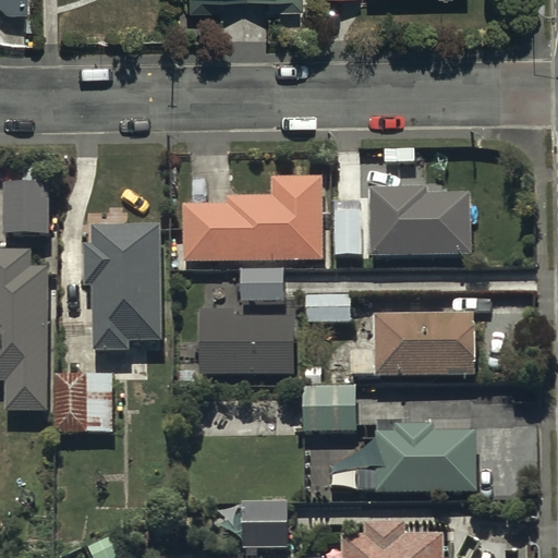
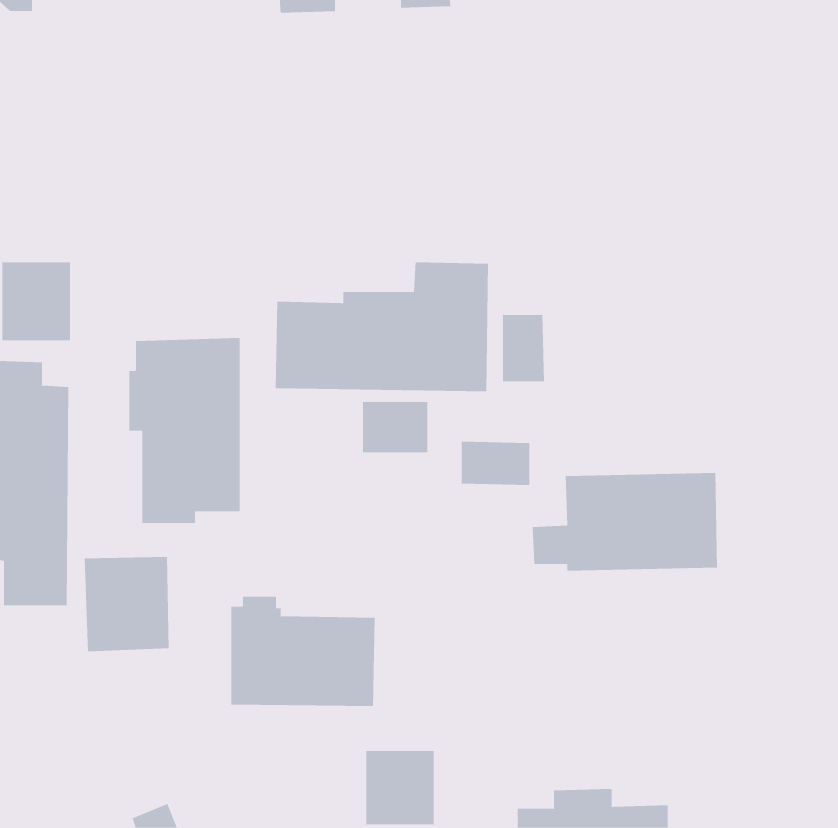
building: [368,186,473,256] -> none
building: [199,302,295,375] -> [231,596,375,706]
building: [303,383,354,430] -> none
building: [330,423,478,493] -> none

